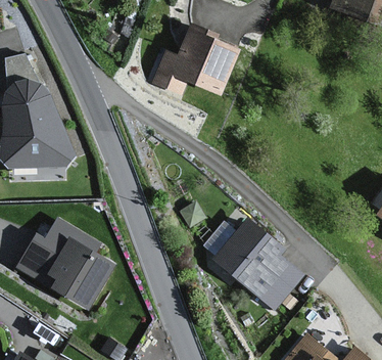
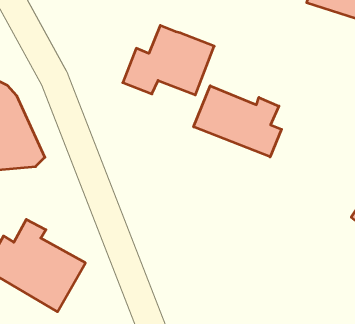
building: none -> [194,86,282,157]
building: [216,219,302,309] -> none

